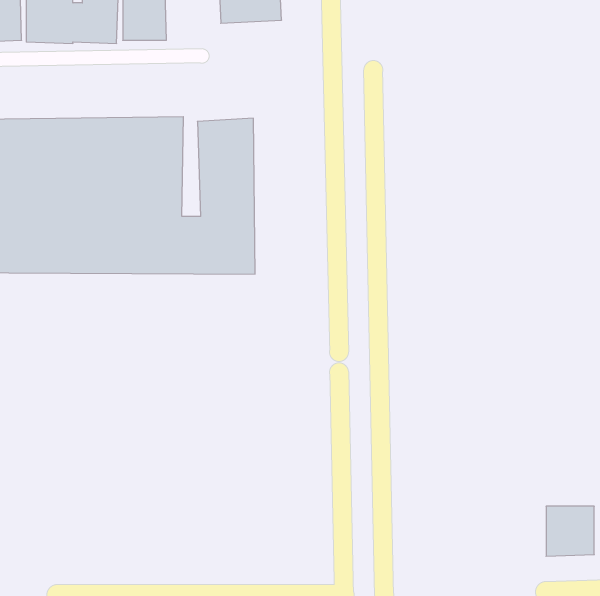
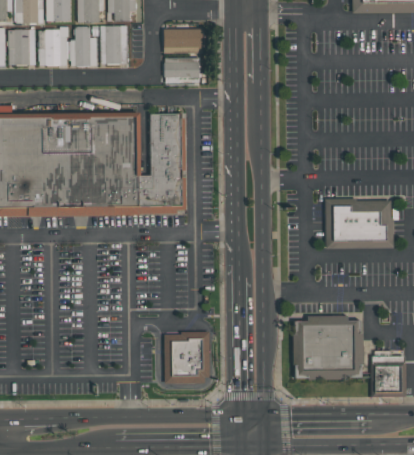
building: none -> [164,57,200,85]
building: none -> [327,199,393,248]
building: none -> [293,319,363,379]
building: none -> [164,332,208,383]

